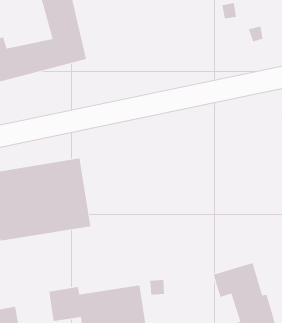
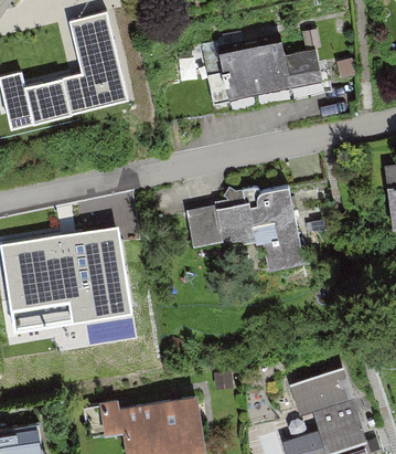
building: none -> [220,39,322,99]
building: none -> [178,199,300,283]

